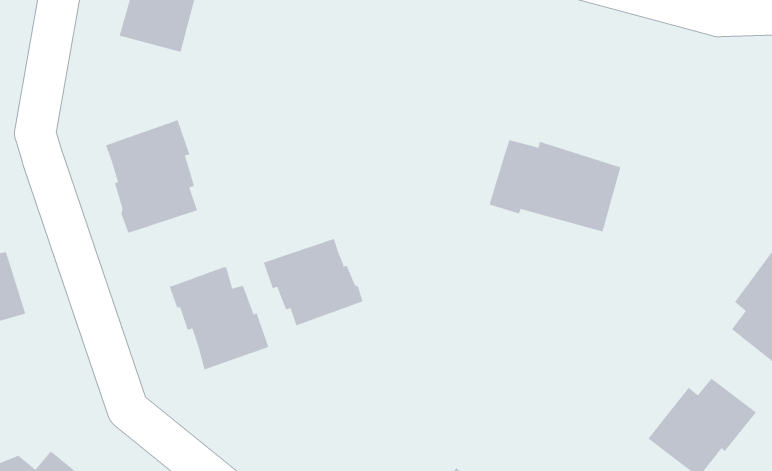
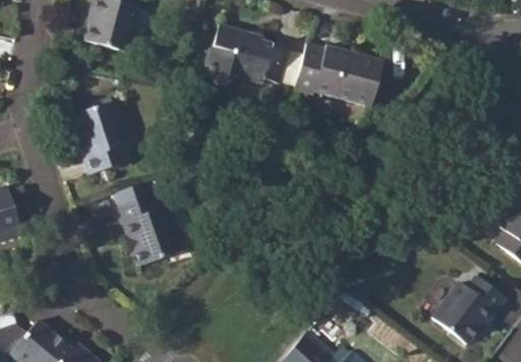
building: none -> [200,25,289,85]
building: [489,140,621,232] -> [294,43,383,105]
building: [263,238,363,326] -> none

